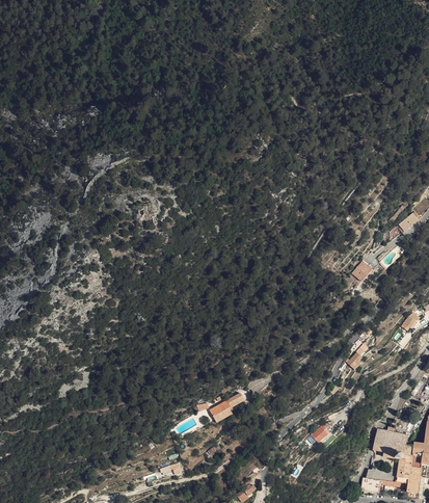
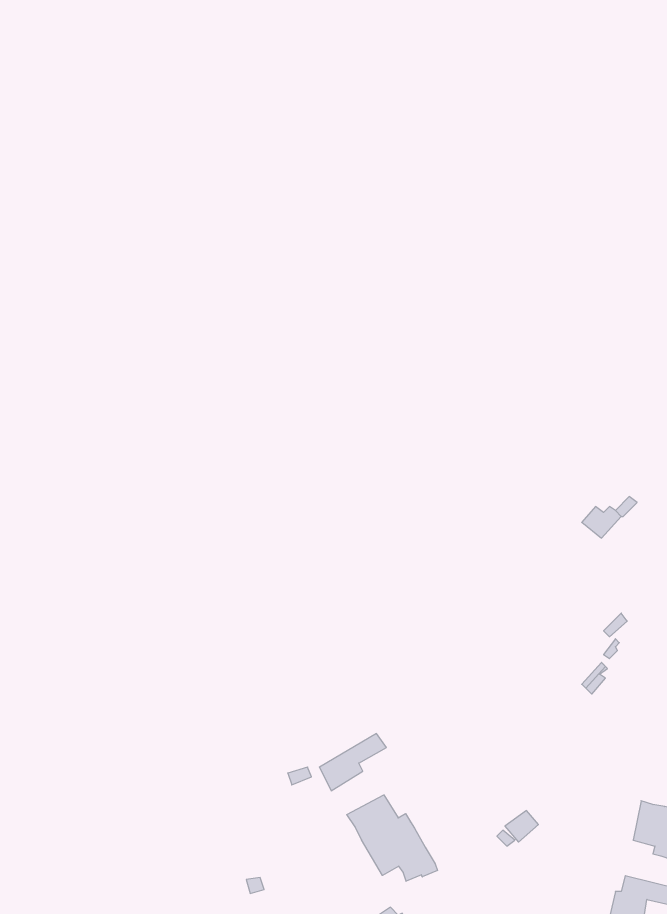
building: none -> [347,795,438,881]

